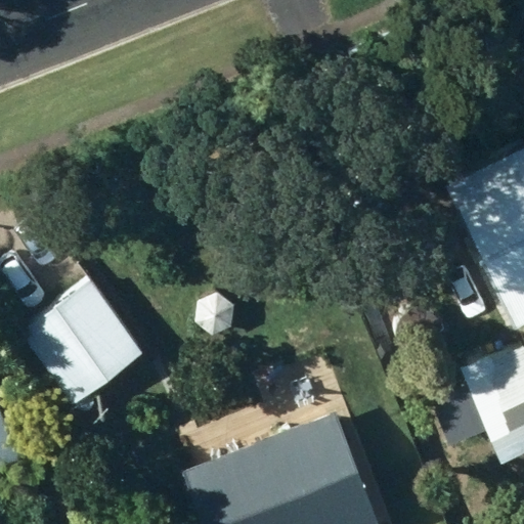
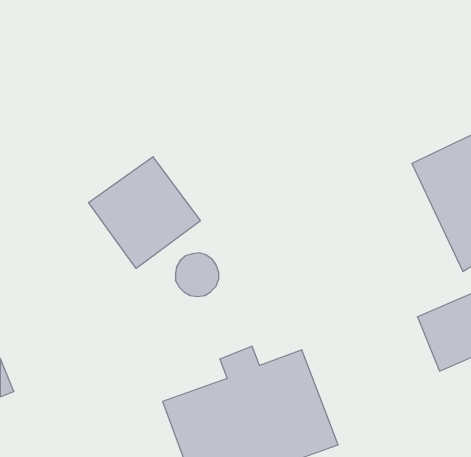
building: [16,273,140,397] -> [89,157,200,268]

